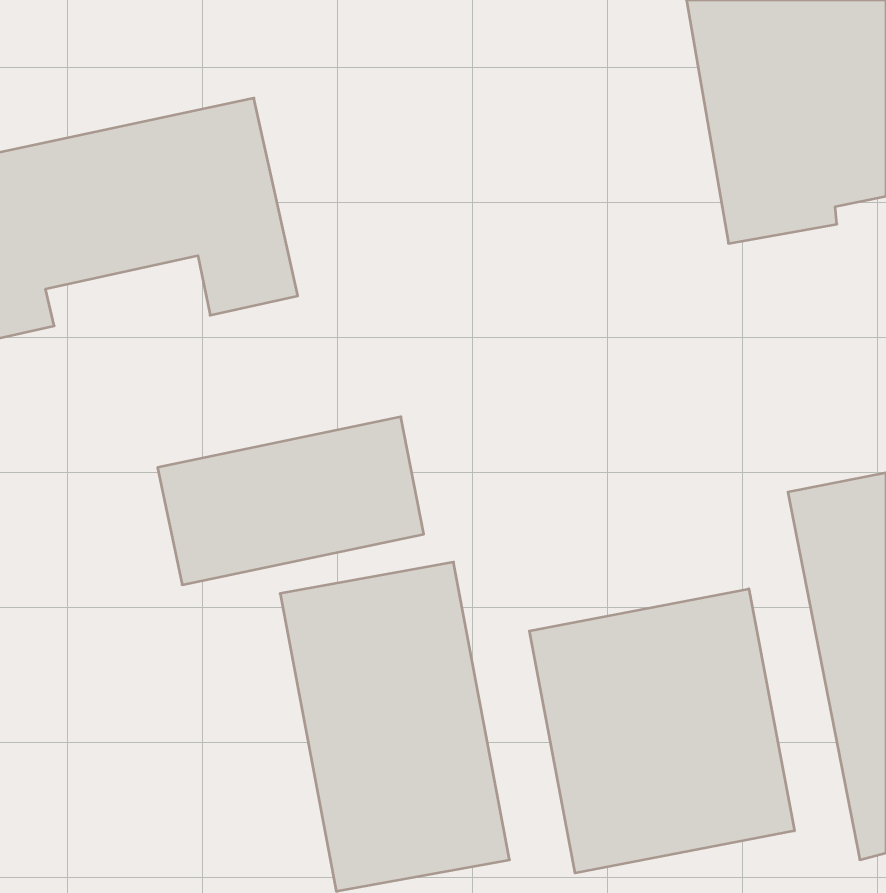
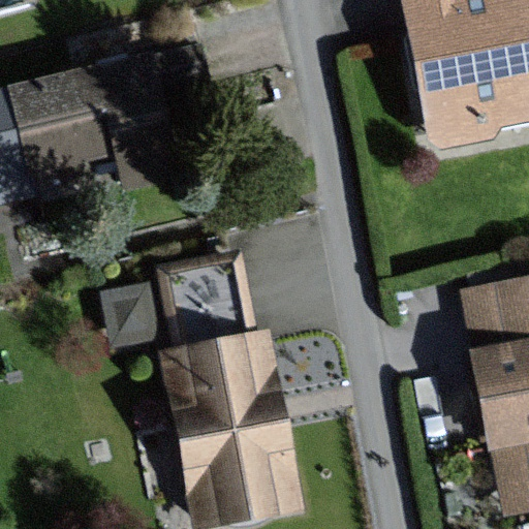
building: [529,589,794,873] -> none

